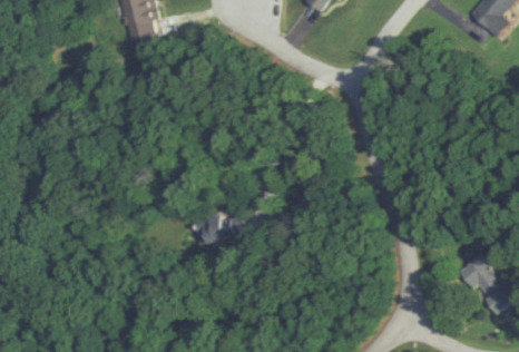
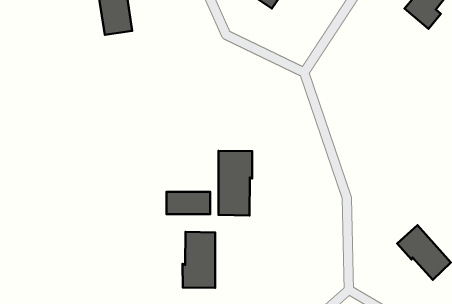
building: none -> [219,151,252,216]
building: none -> [183,232,215,288]

